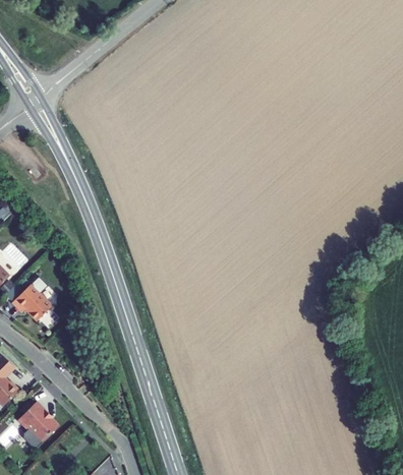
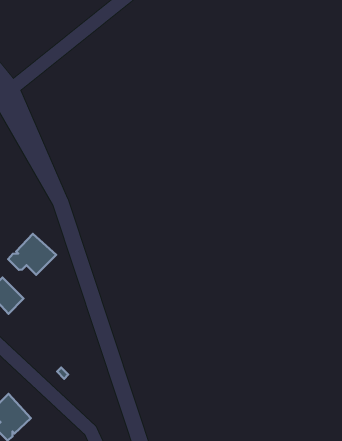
building: none -> [8,234,56,275]

